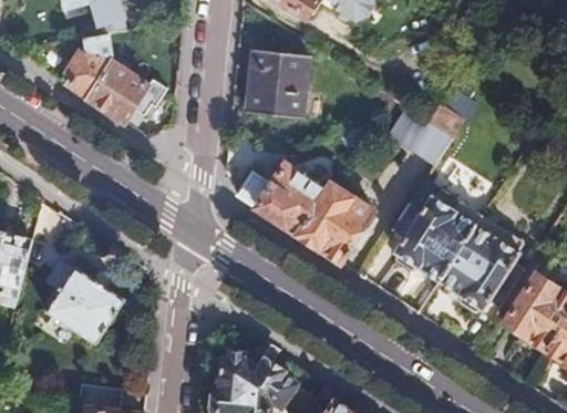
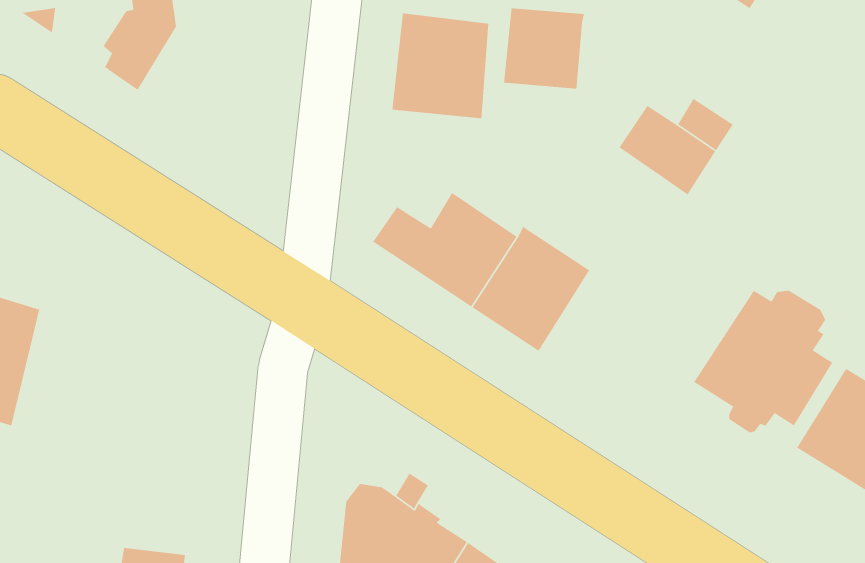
building: none -> [503,7,585,89]
building: [89,60,167,123] -> none
building: [392,192,473,281] -> none
building: [44,267,120,342] -> none

